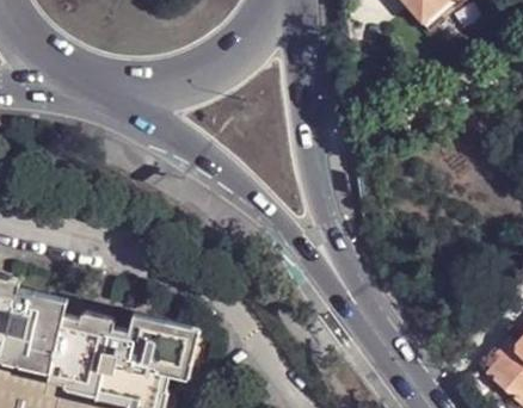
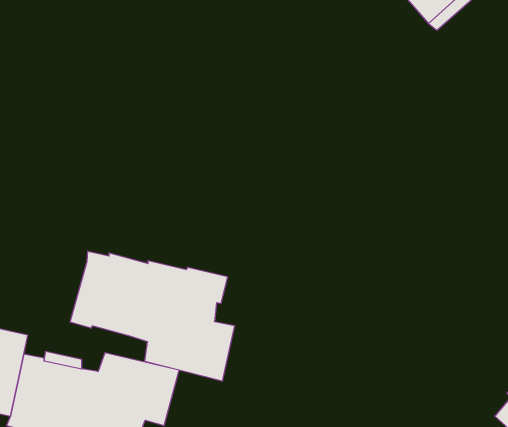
building: none -> [70,251,235,381]

